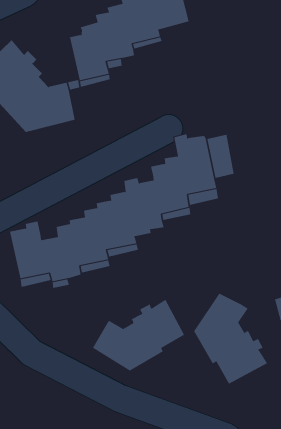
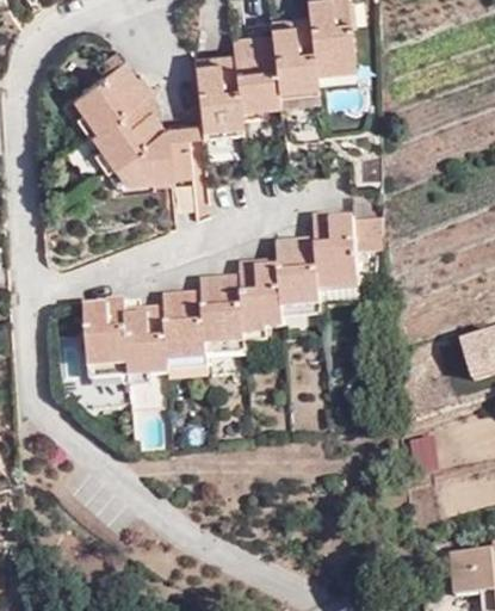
building: [193,293,268,385] -> none
building: [92,299,185,371] -> none

